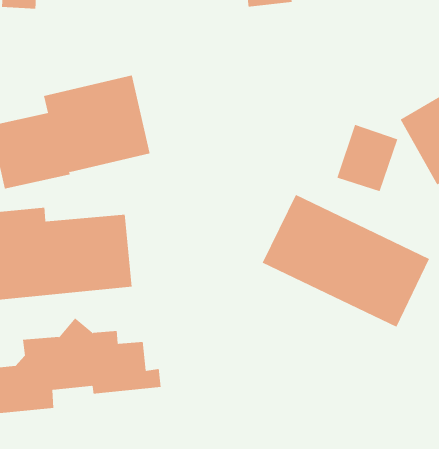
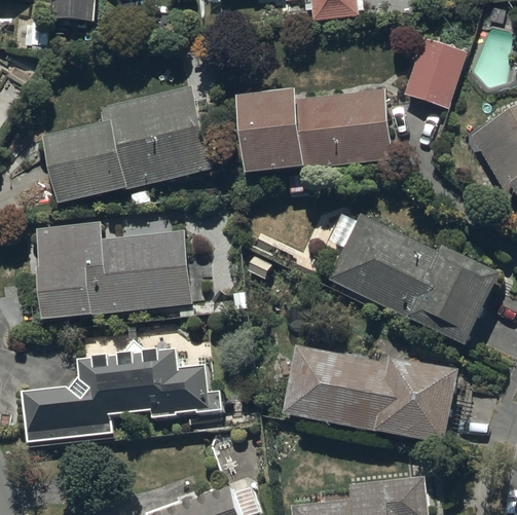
building: none -> [238,90,391,178]
building: [336,124,398,192] -> [402,35,466,105]
building: none -> [281,342,458,446]

